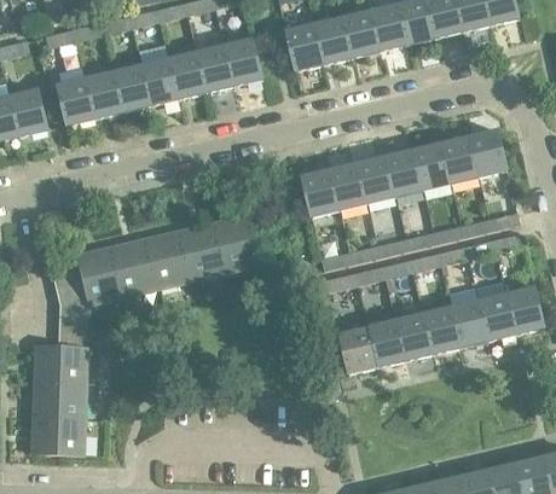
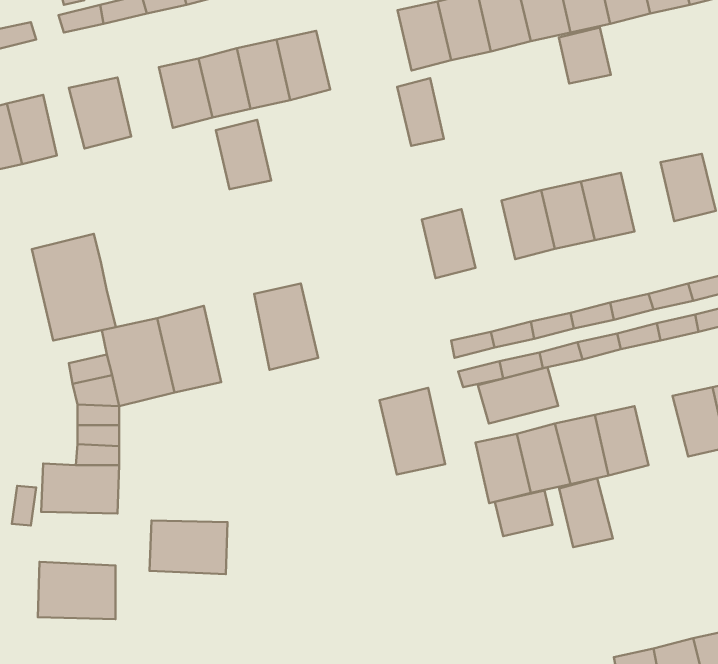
building: [227,37,260,85] -> [397,78,444,146]
building: none -> [559,27,611,84]
building: [88,69,127,117] -> [216,120,271,189]
building: [440,135,477,184] -> none
building: [329,162,366,209] -> none
building: none -> [32,234,116,340]
building: [216,211,262,272] -> [380,388,445,474]
building: [149,227,195,289] -> none
building: none -> [478,367,558,424]
building: [450,298,487,347] -> [559,478,613,547]
building: none -> [495,490,553,536]
building: [34,379,88,417] -> [150,521,227,574]

